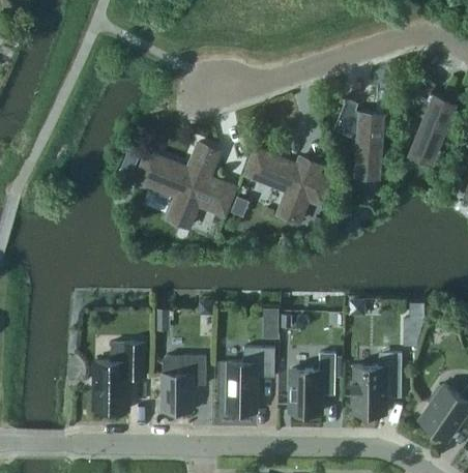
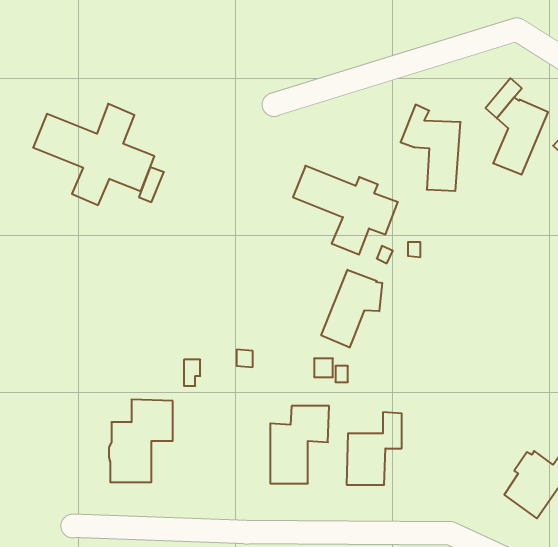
building: [135,145,235,229] -> [33,104,154,205]
building: none -> [321,270,382,348]
building: [351,354,401,415] -> none
building: [160,357,205,413] -> none

